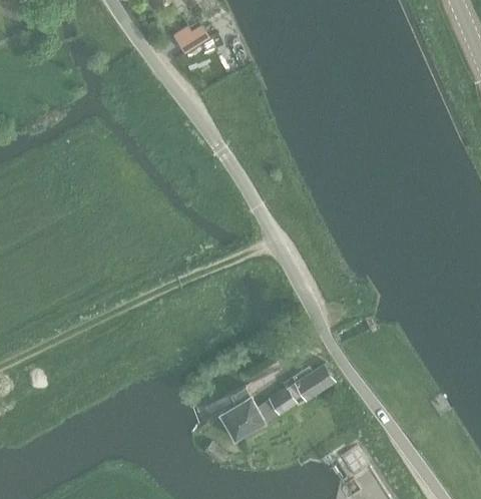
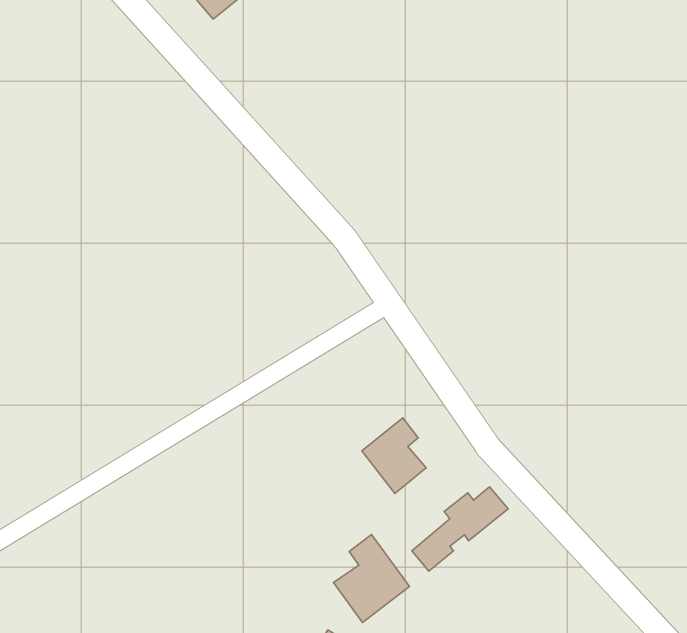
building: none -> [362,418,426,493]

